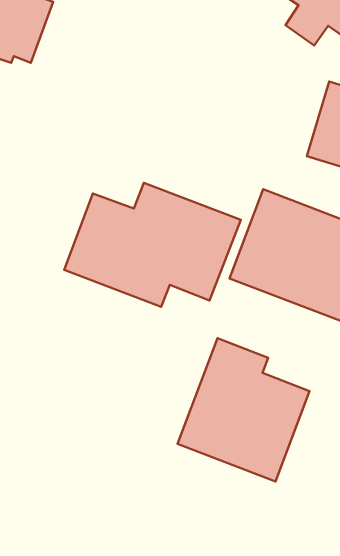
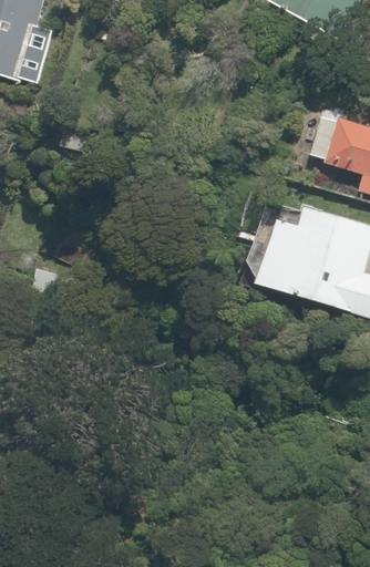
building: [64,183,241,307] -> none
building: [177,338,309,481] -> none

